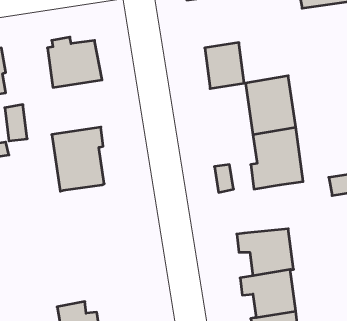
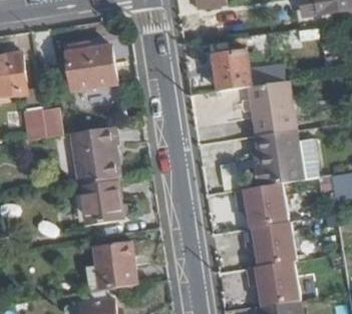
building: none -> [79,181,121,225]
building: none -> [234,181,287,226]
building: none -> [93,242,136,290]

